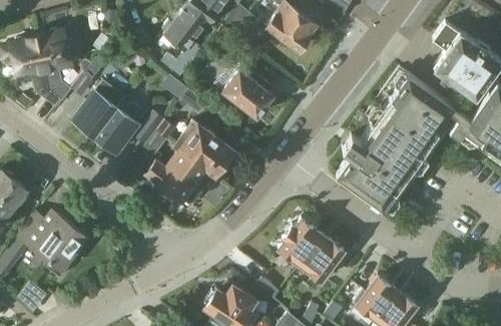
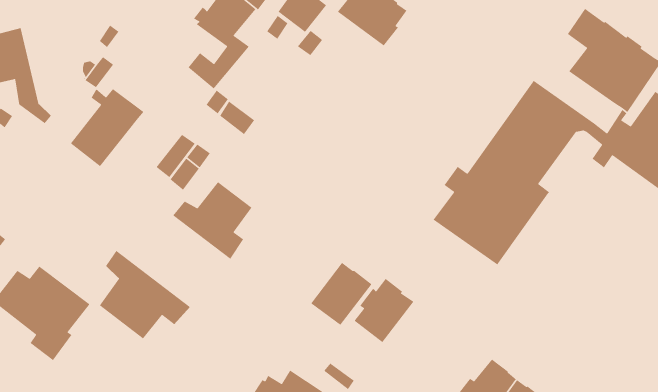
building: [38,29,78,102] -> none
building: [214,59,275,117] -> none
building: [95,102,144,153] -> none
building: [175,120,233,175] -> none
building: none -> [99,250,191,339]
building: [300,235,345,281] -> [310,262,372,326]

